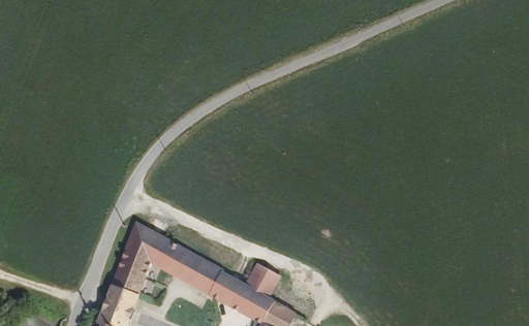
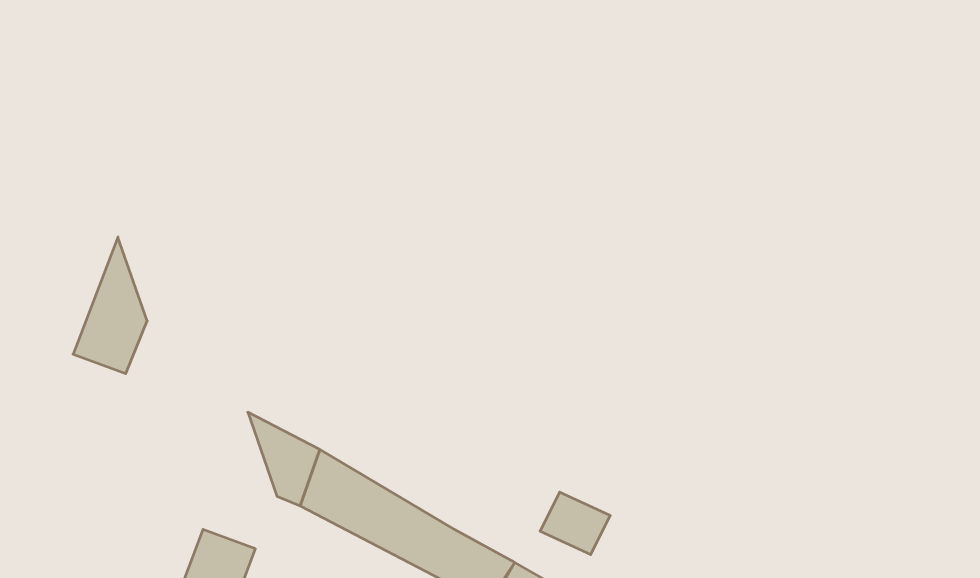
building: [112,220,151,292] -> [73,237,147,374]
building: [245,261,282,294] -> [540,492,610,555]

